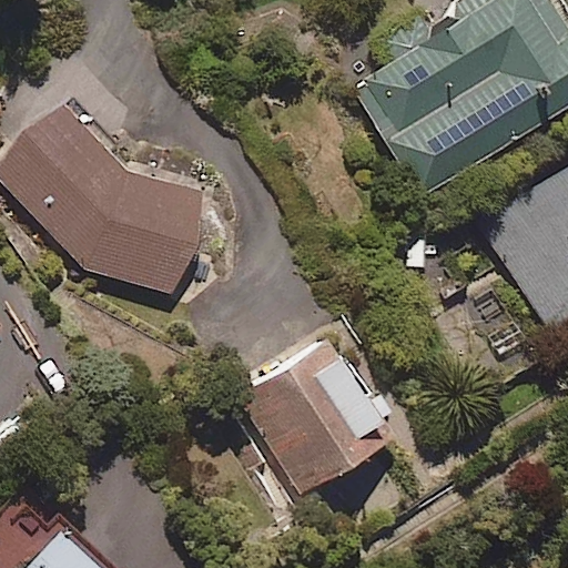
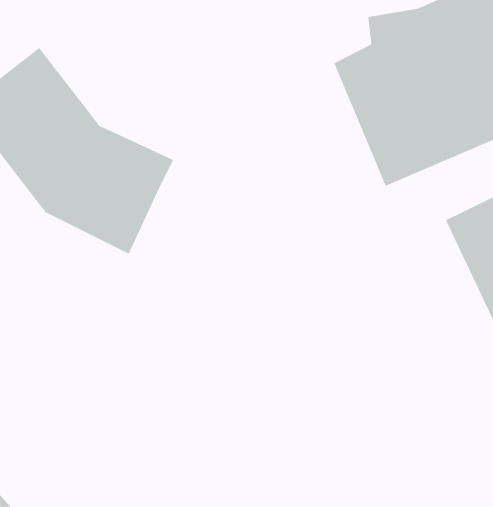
building: [240,333,394,501] -> none

